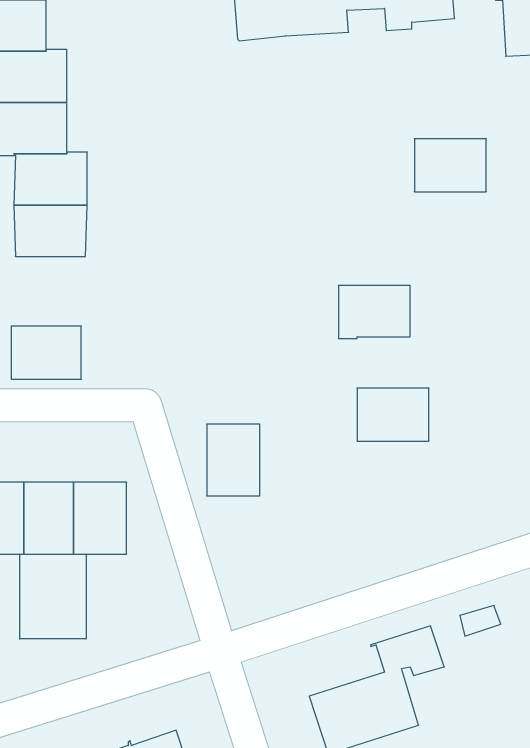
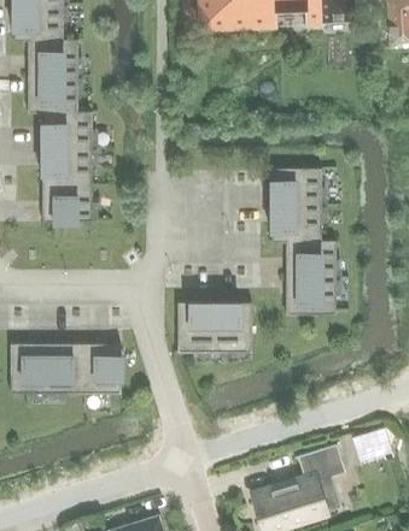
building: [414,139,486,192] -> [270,166,321,203]
building: [11,326,81,379] -> [42,183,92,220]
building: none -> [284,238,334,276]
building: none -> [215,301,252,352]
building: [20,554,86,639] -> none

